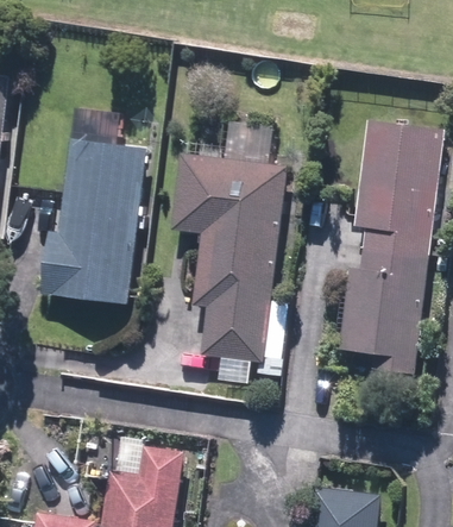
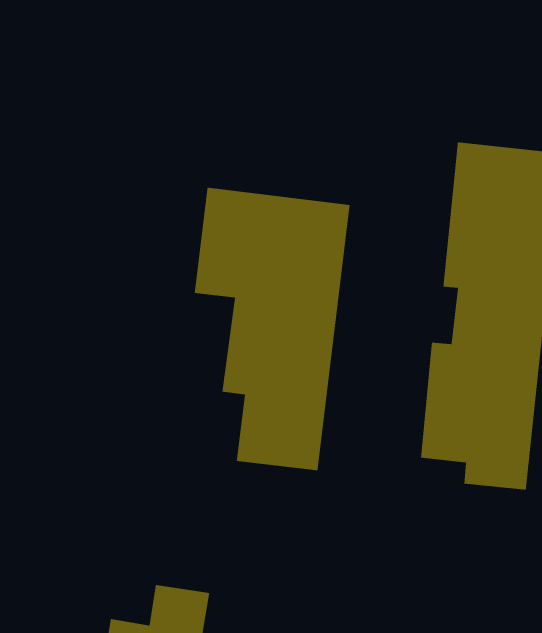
building: [42,139,149,305] -> none

